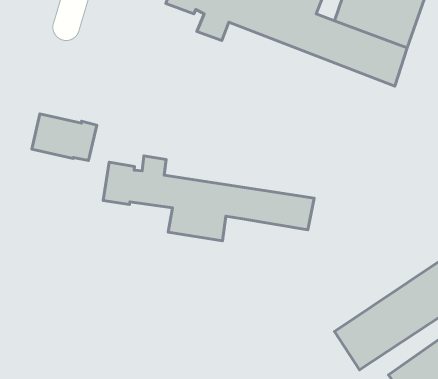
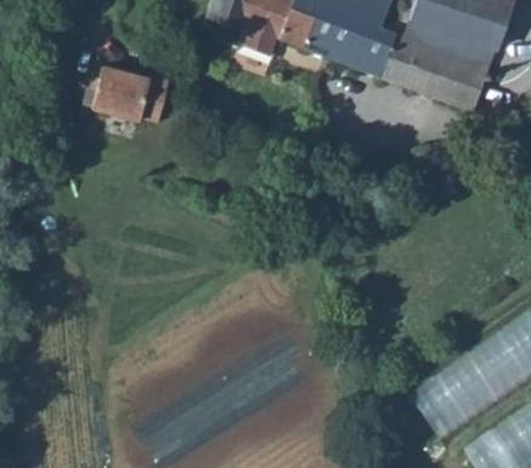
building: [32,114,97,160] -> [93,68,169,122]
building: [103,156,314,241] -> none

